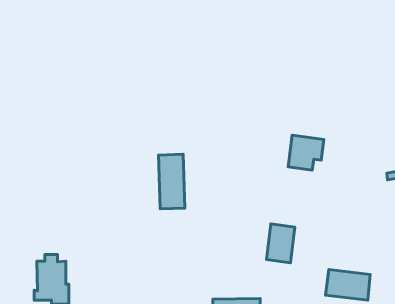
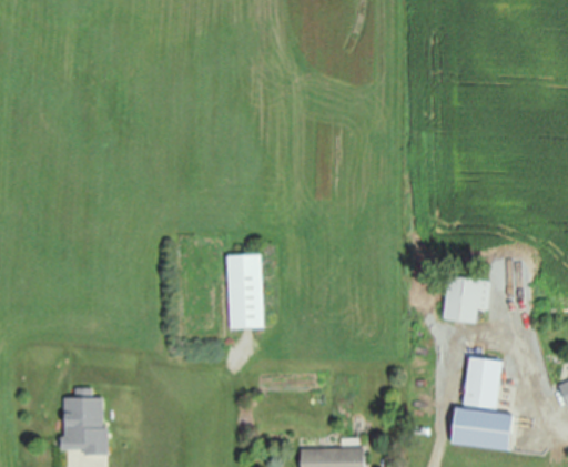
building: [288,135,324,170] -> [442,275,489,322]
building: [267,224,295,263] -> [463,356,500,408]

